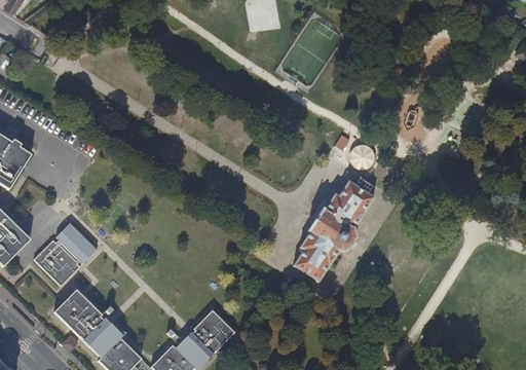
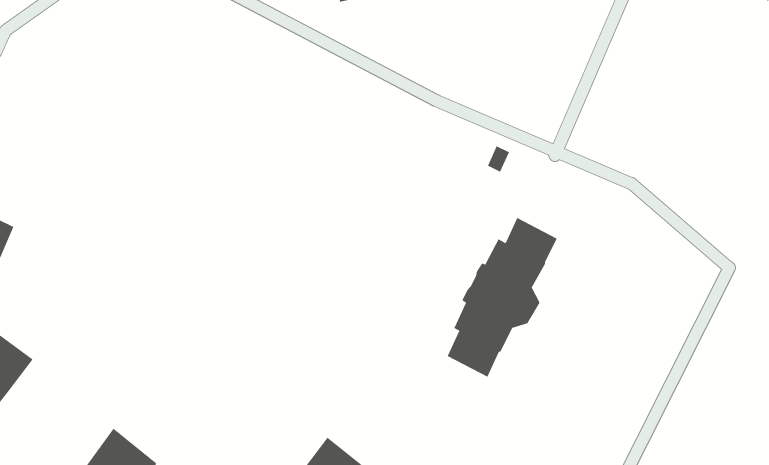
building: [347,145,373,171] -> none
building: [33,222,96,286] -> none

